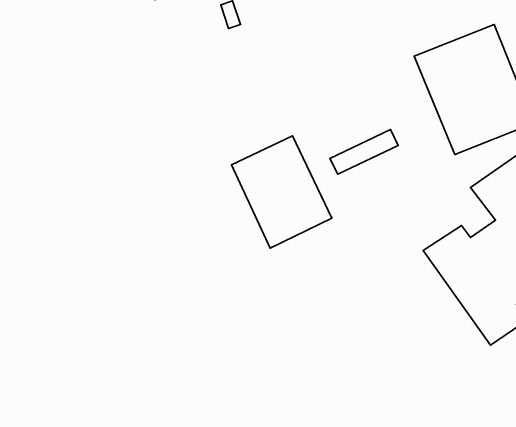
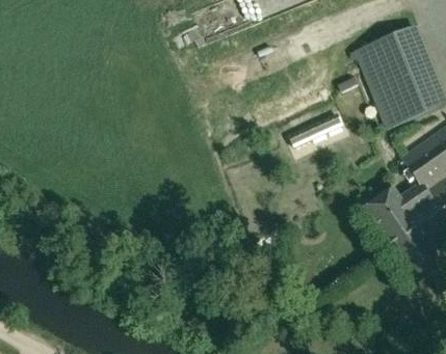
building: [231,136,332,248] -> none

